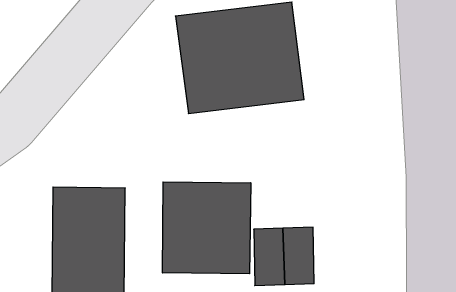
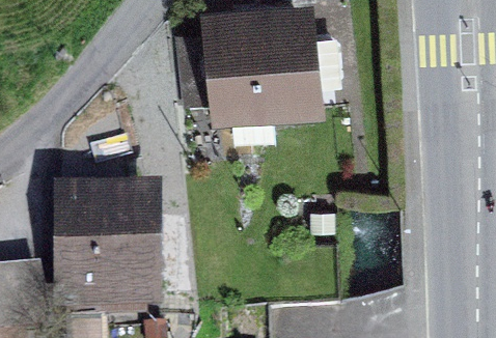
building: [163,182,251,274] -> none

